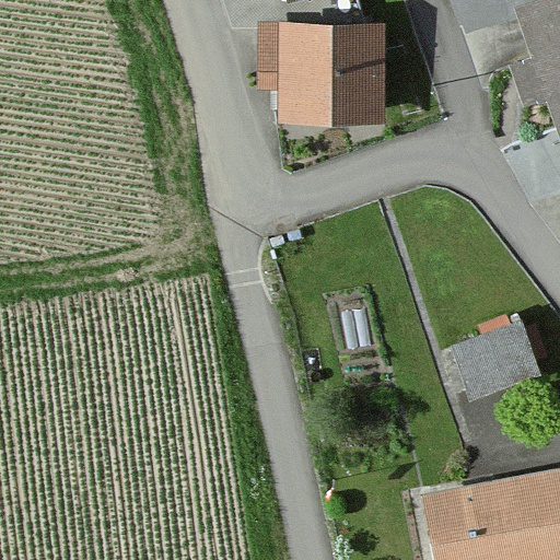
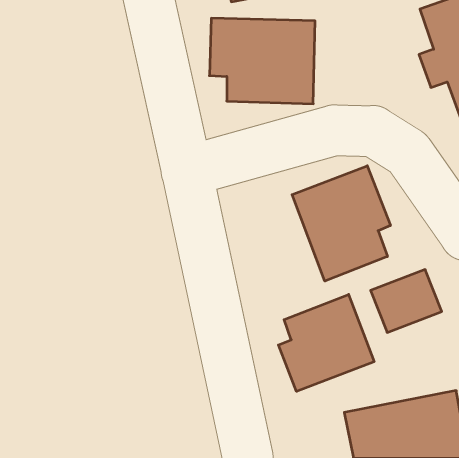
building: none -> [292,166,390,281]
building: none -> [278,294,374,391]

